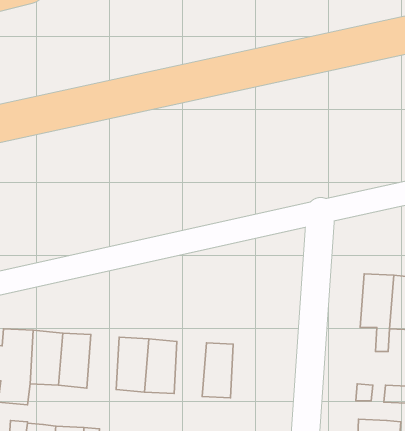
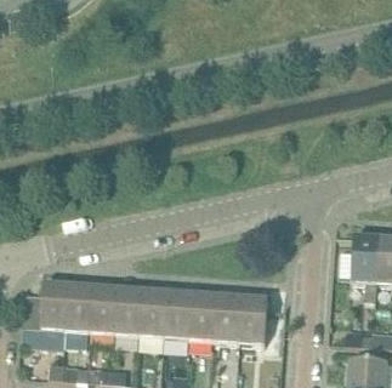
building: none -> [115,289,143,336]
building: none -> [191,295,218,342]
building: none -> [238,297,268,355]

